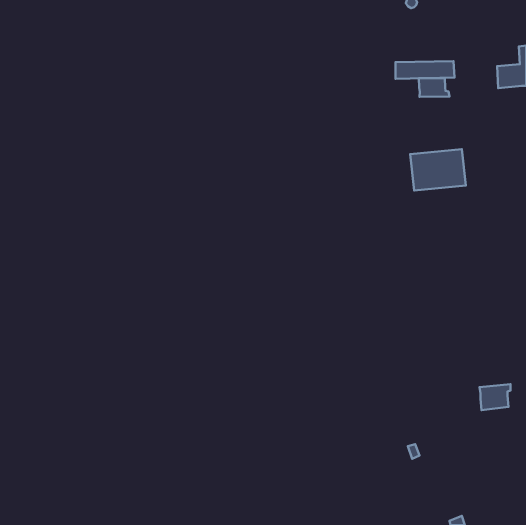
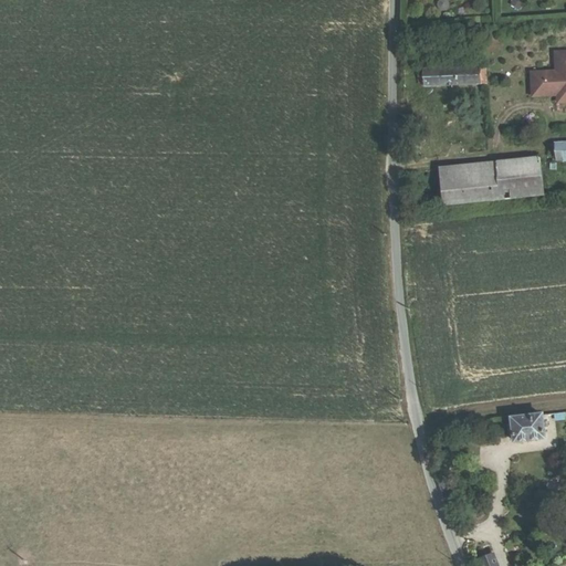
building: [419,78,449,97] -> none
building: none -> [493,155,542,198]

